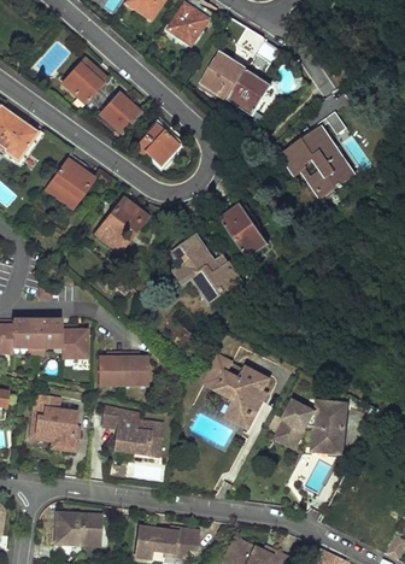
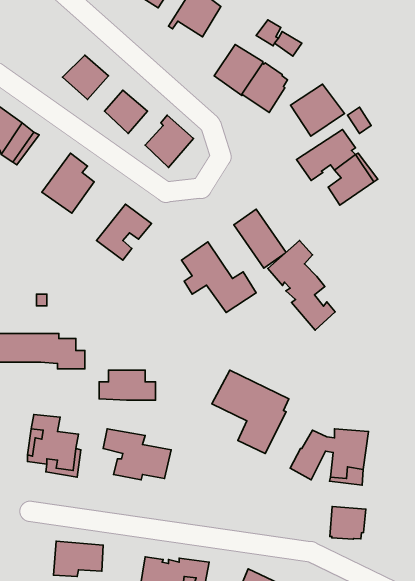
building: none -> [290,84,345,136]
building: none -> [268,241,335,330]
building: none -> [330,507,366,539]

